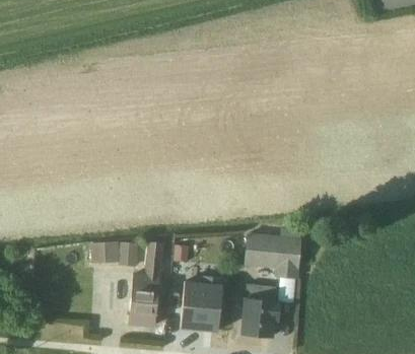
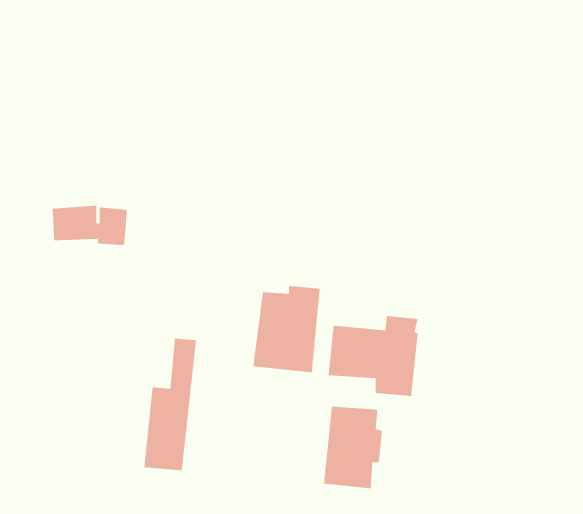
building: [91,240,139,266] -> [52,205,128,246]
building: [181,276,223,331] -> [253,285,320,373]

